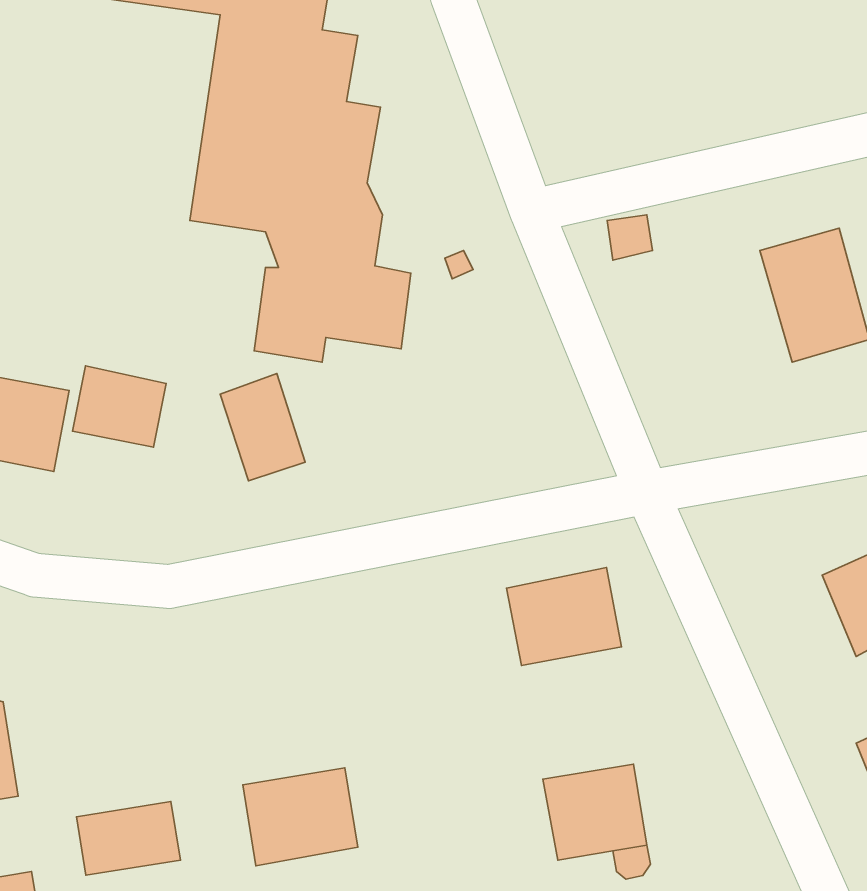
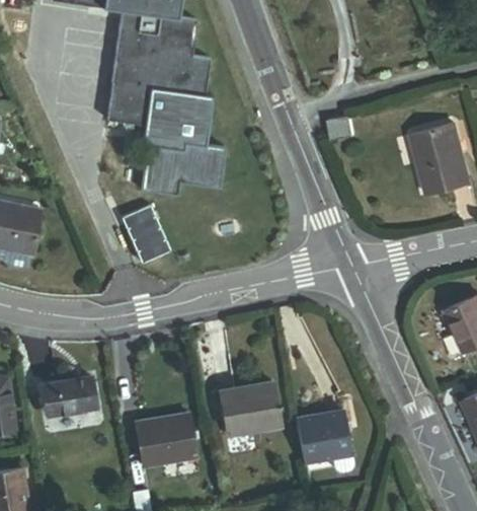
building: [73,366,166,447] -> none
building: [506,567,622,666] -> [220,384,282,437]
building: [77,802,180,875] -> [42,377,97,417]

